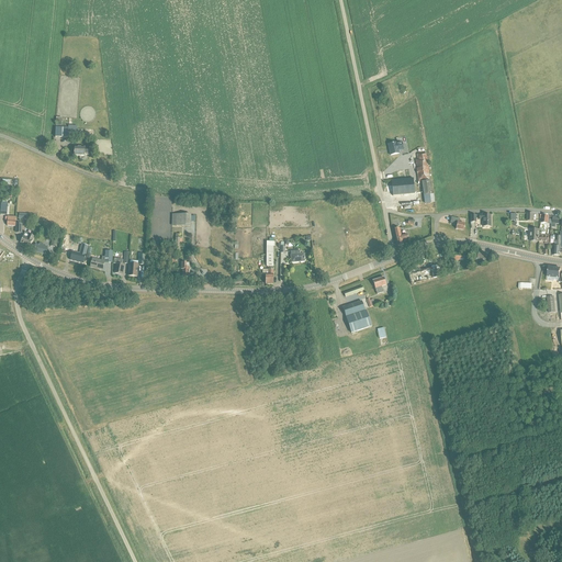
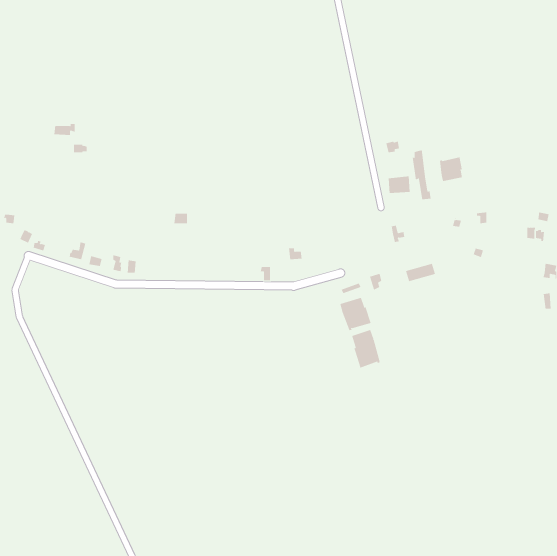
building: none -> [439,157,462,182]
building: none -> [351,329,381,368]

